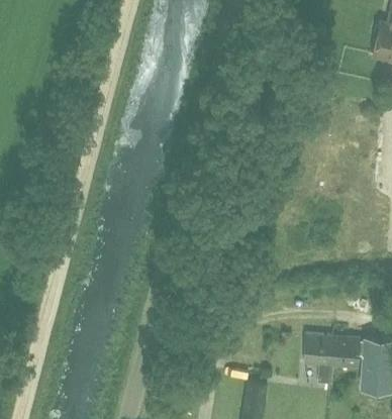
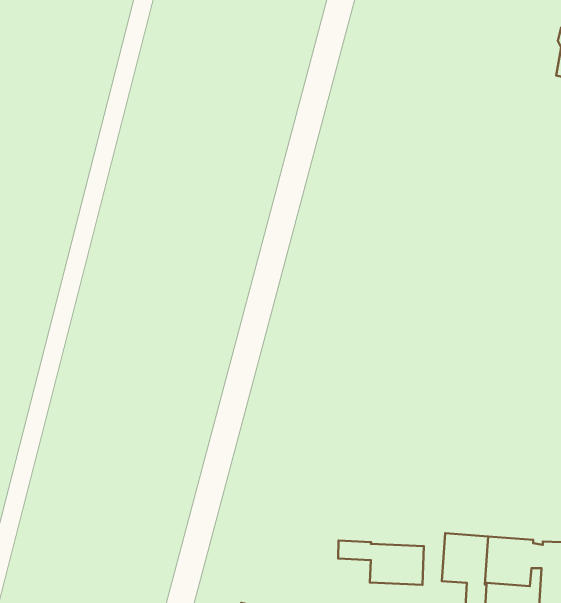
building: none -> [338,540,424,585]

